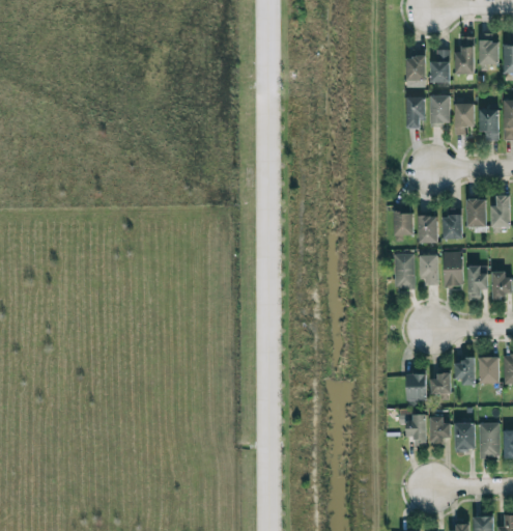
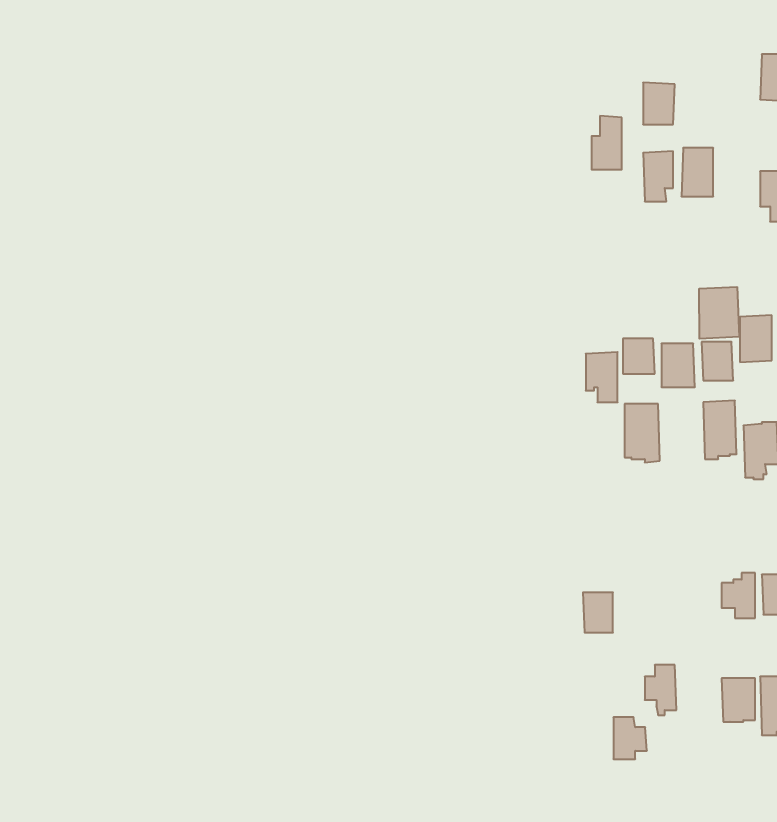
building: [454,36,474,74] -> none
building: [430,49,449,82] -> [592,116,622,170]
building: [453,103,474,134] -> none
building: none -> [699,287,739,339]
building: [419,254,438,285] -> [586,352,618,402]
building: [430,373,451,399] -> none
building: [406,375,425,400] -> [583,592,613,633]
building: [430,418,451,444] -> [613,717,647,759]

